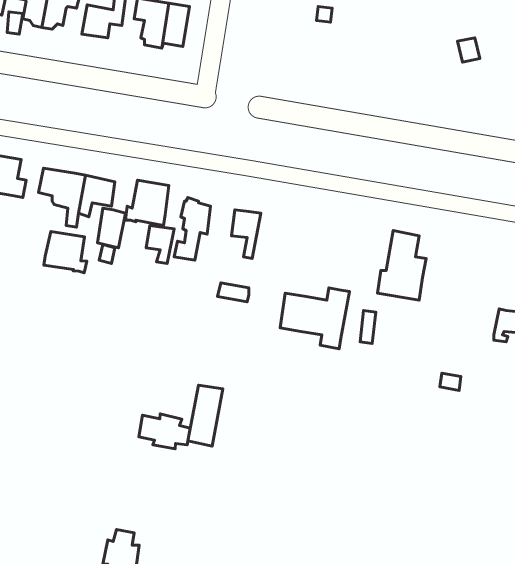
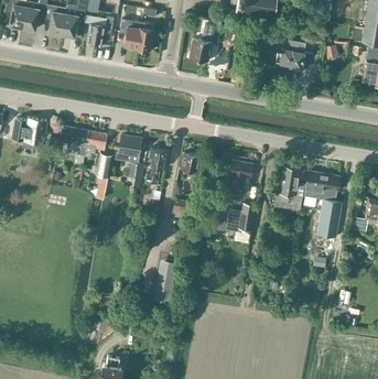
building: none -> [190,25,215,62]
building: none -> [276,39,311,69]
building: none -> [228,161,252,196]
building: [44,231,87,273] -> none
building: none -> [304,171,342,237]
building: [139,414,190,449] -> none

